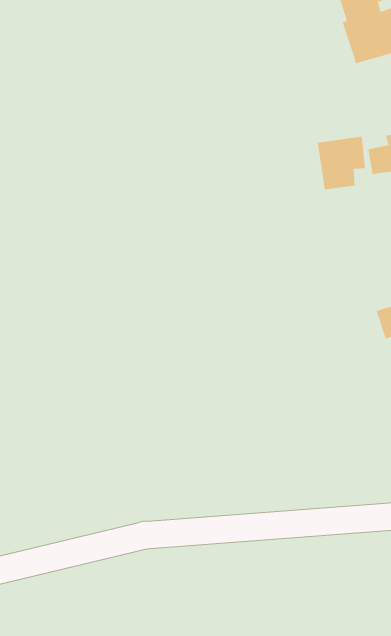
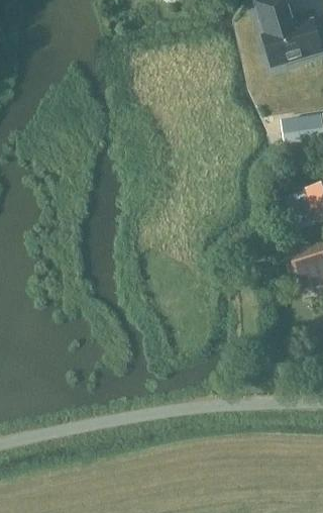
building: [317,136,366,190] -> none

